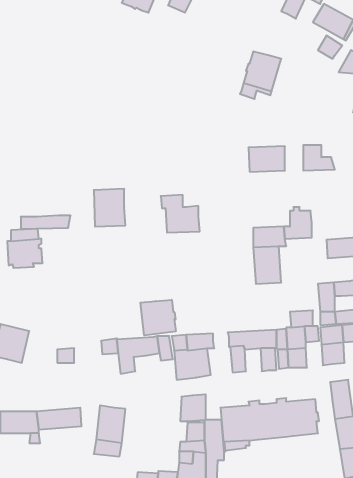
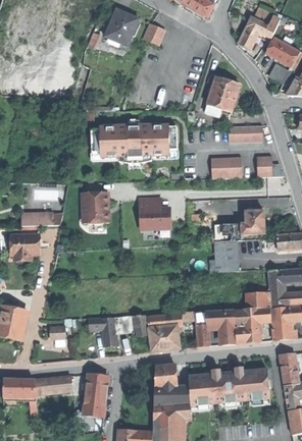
building: none -> [91,123,178,162]
building: none -> [229,124,263,141]
building: [140,300,176,335] -> none

